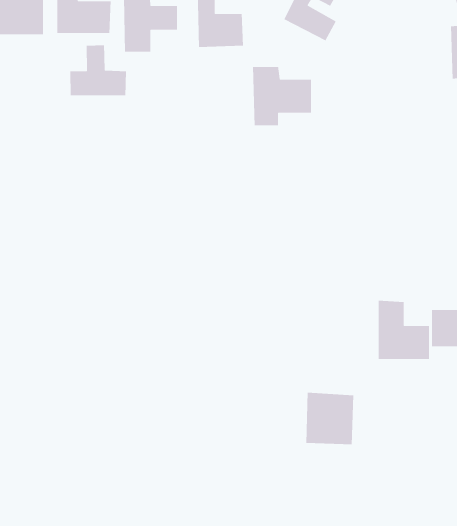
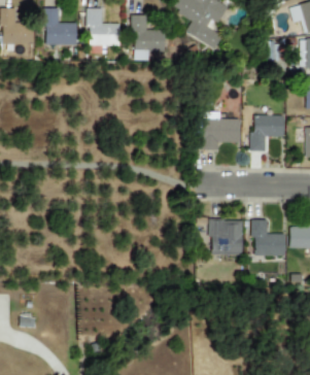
building: [70,45,127,96] -> none
building: [252,66,312,126] -> [201,112,240,151]
building: none -> [252,115,285,155]
building: [305,392,354,445] -> [209,220,241,255]

